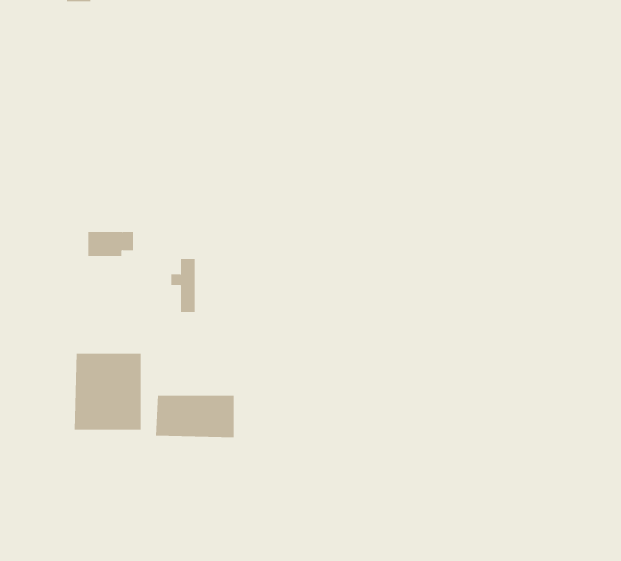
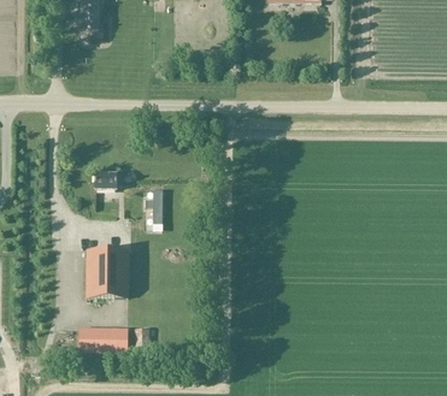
building: [155,395,234,438] -> [77,326,127,353]

